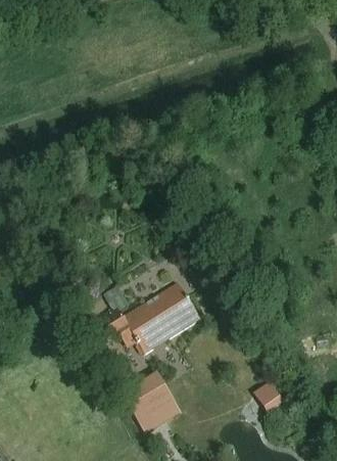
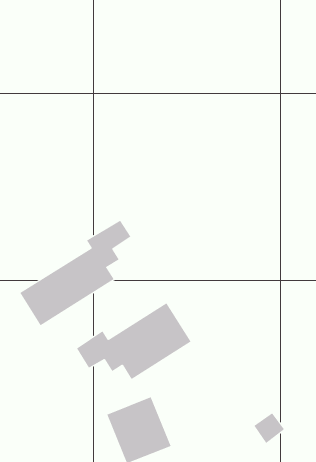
building: none -> [20,220,131,326]

